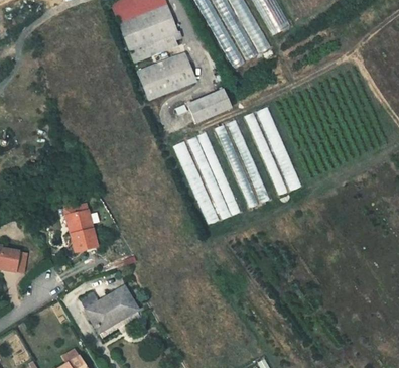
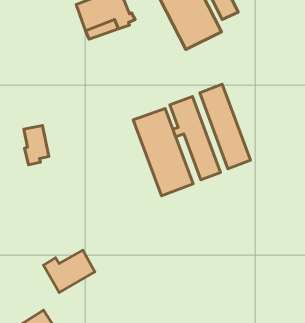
building: [131,52,194,100] -> none
building: [182,92,225,124] -> none
building: [70,206,97,248] -> [24,126,49,165]

